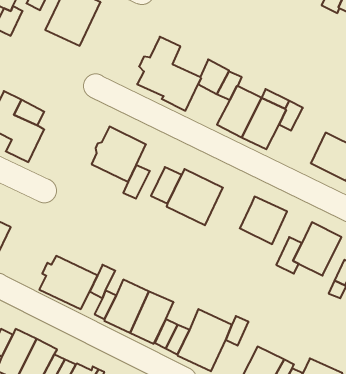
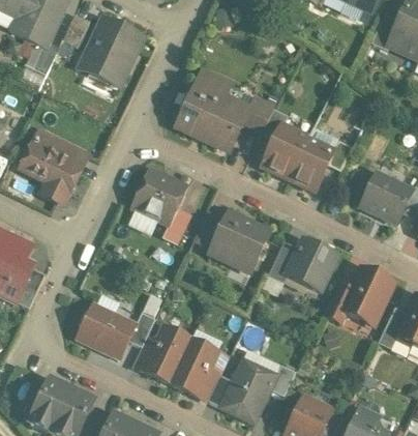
building: none -> [215,84,252,116]
building: none -> [268,241,298,283]

